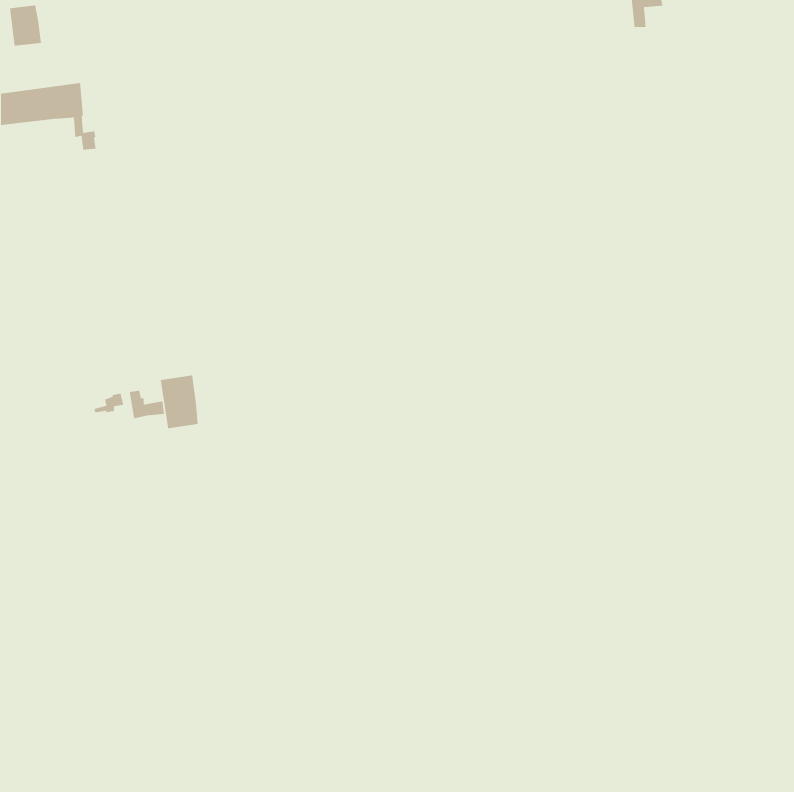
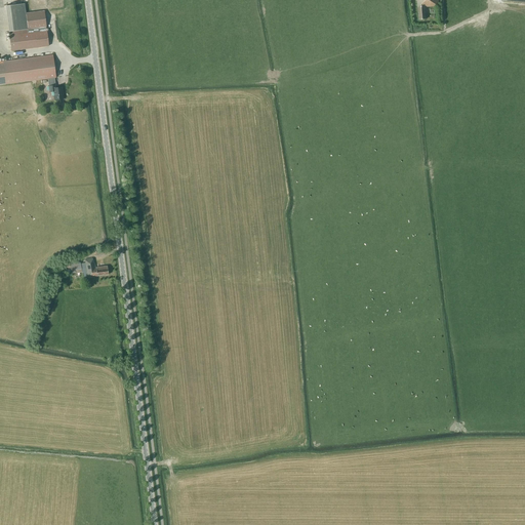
building: none -> [9,10,48,50]
building: [160,374,199,429] -> none

